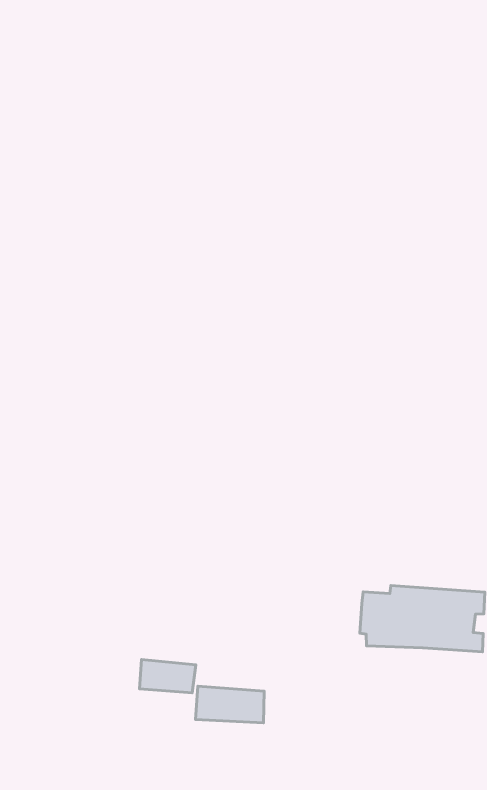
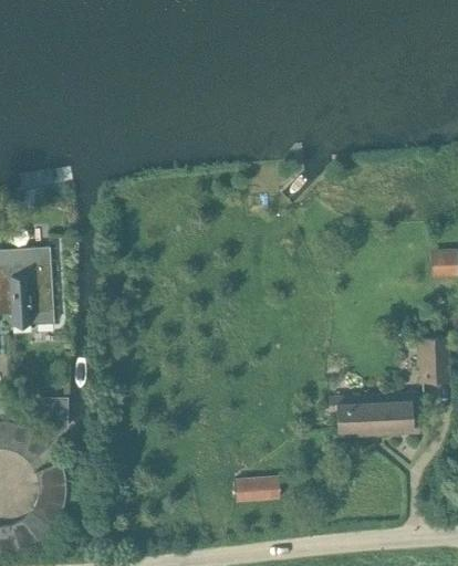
building: [139,659,196,693] -> none

